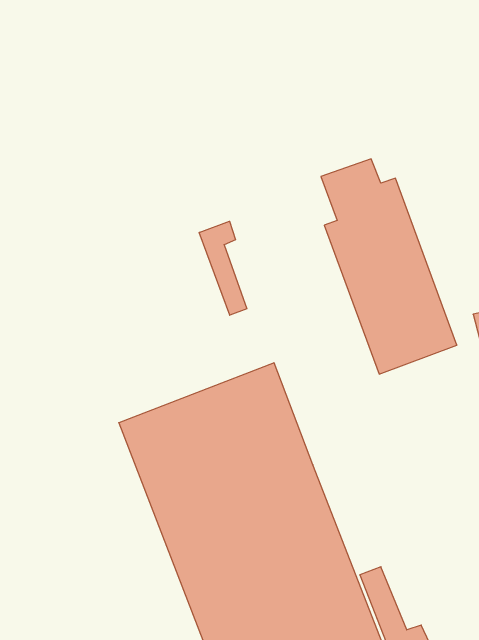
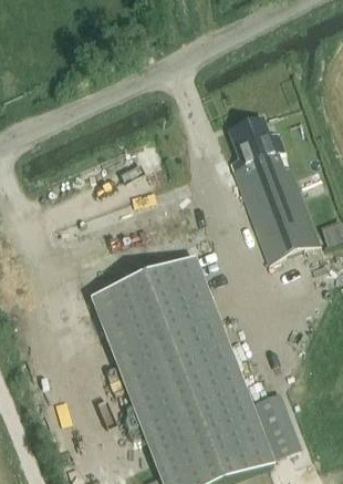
building: [199,221,247,315] -> none

